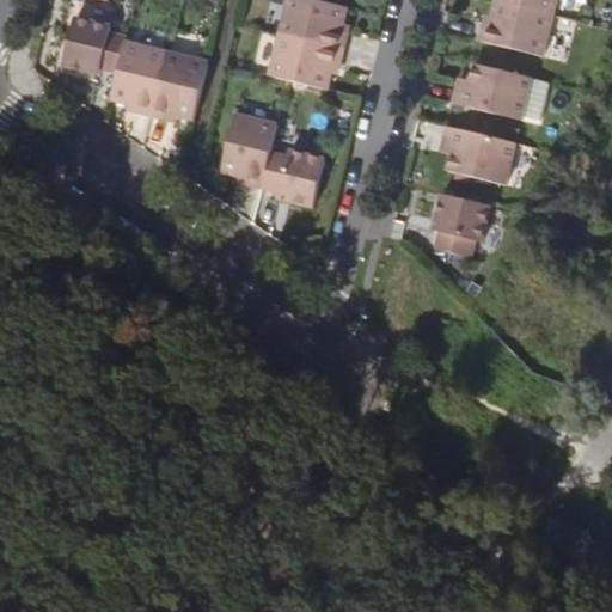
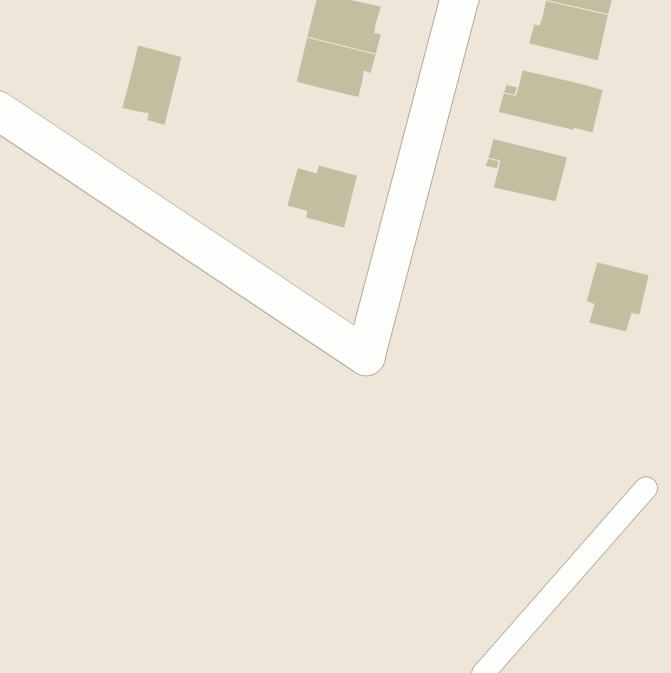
building: [62,17,126,73] -> none
building: [149,51,207,120] -> none
building: [220,114,275,186] -> none
building: [432,192,489,256] -> [586,262,649,332]

